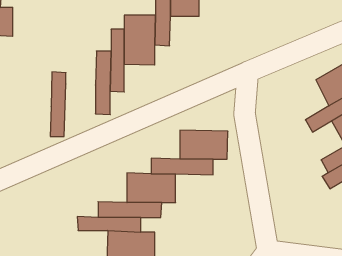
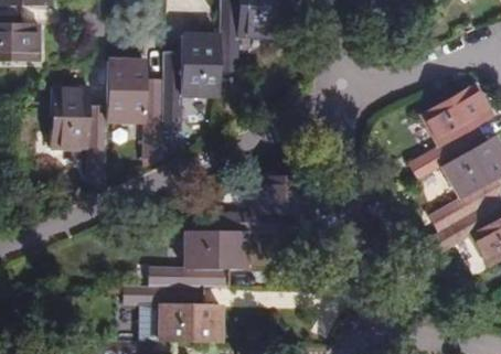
building: none -> [107,58,146,120]
building: none -> [51,87,89,148]

